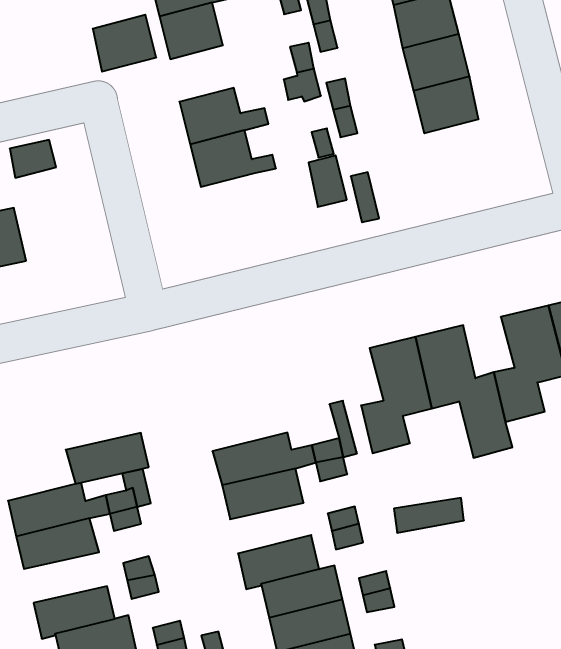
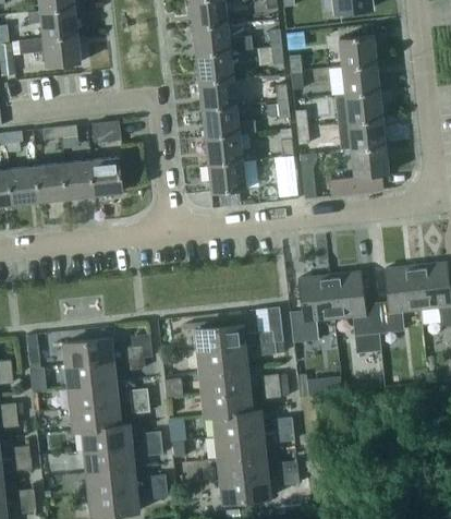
building: [93,15,156,72] -> [199,77,236,109]
building: none -> [331,144,389,195]
building: none -> [208,159,246,191]
building: none -> [90,158,122,195]
building: [66,433,149,484] -> [68,382,118,408]
building: none -> [199,367,248,394]

